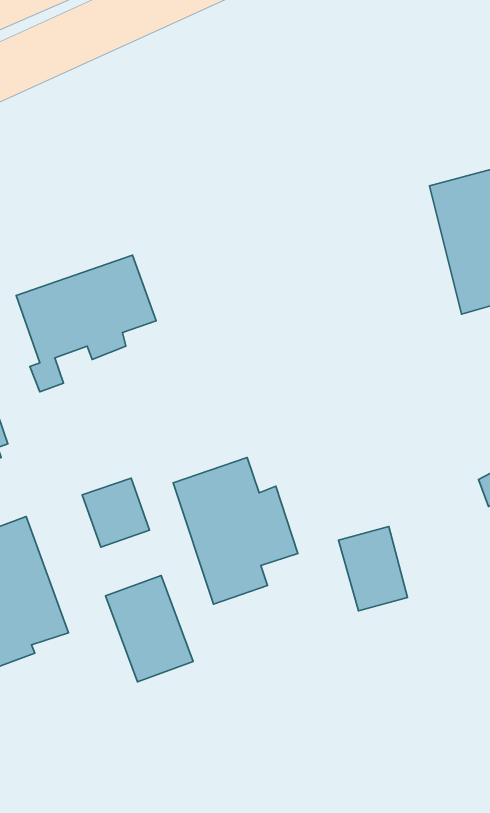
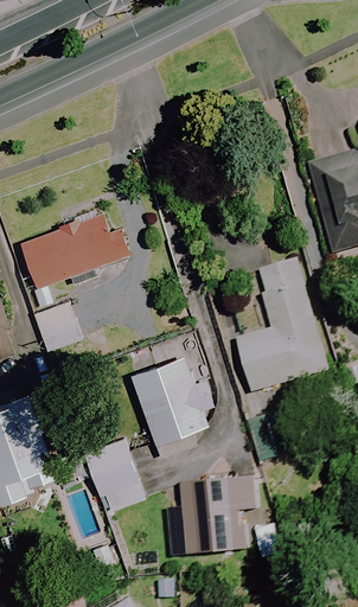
building: none -> [238,257,333,392]
building: [82,478,150,547] -> [33,302,81,351]
building: none -> [171,477,254,556]

